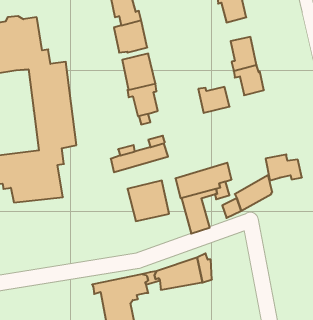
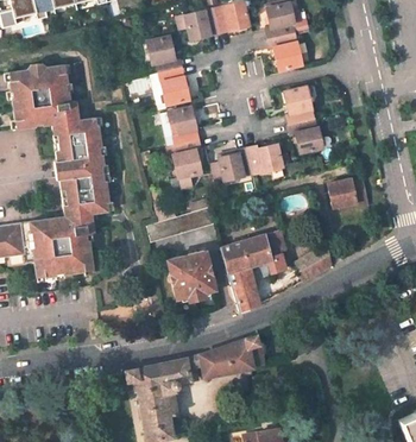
building: none -> [209,146,253,182]
building: [266,154,302,180] -> [328,178,370,208]

